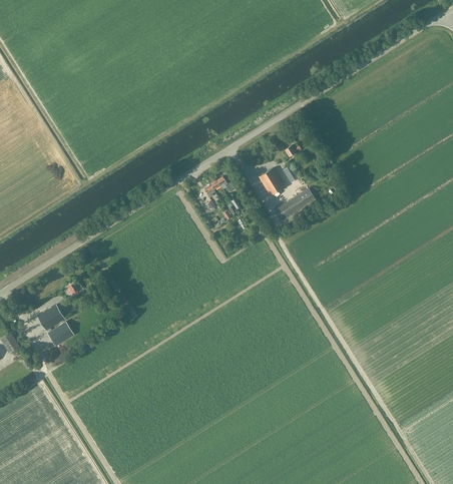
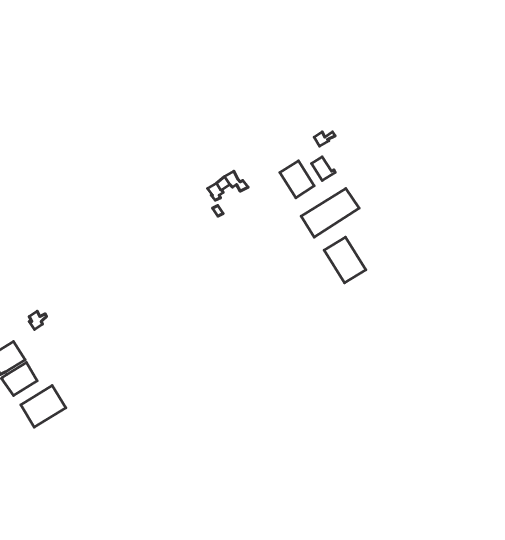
building: none -> [324,237,366,283]
building: none -> [21,386,66,427]

